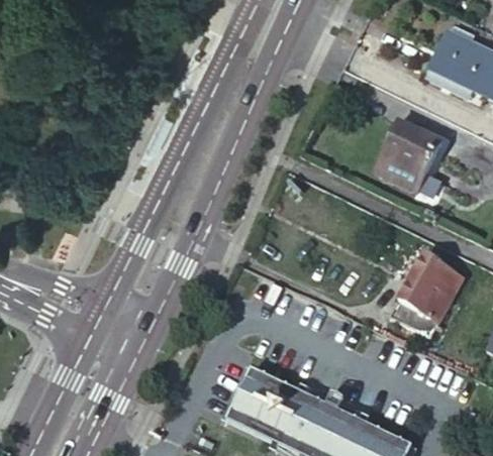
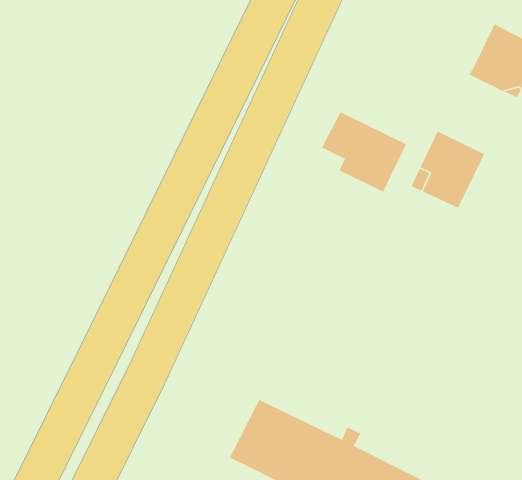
building: none -> [321,111,407,193]
building: [391,255,465,339] -> none

